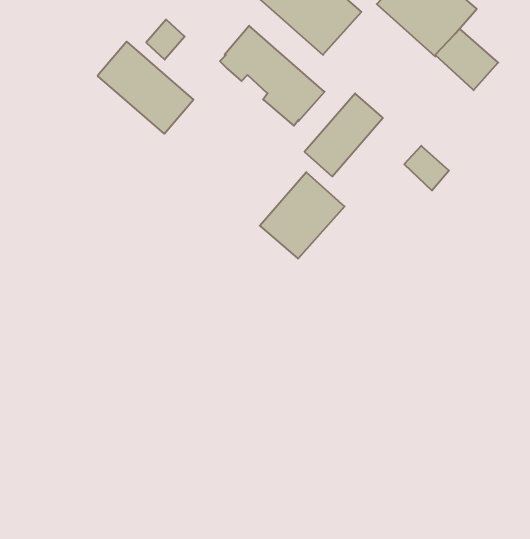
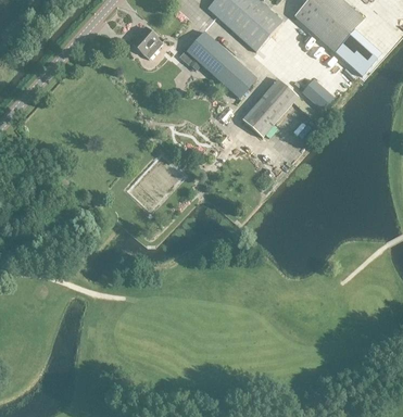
building: [98,42,193,134] -> none
building: [404,146,449,190] -> [301,78,332,110]
building: [260,172,345,259] -> none

